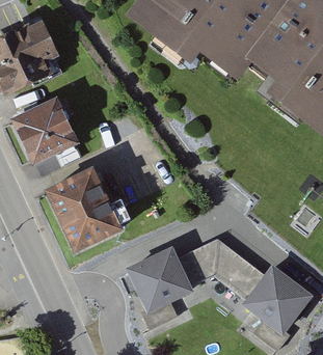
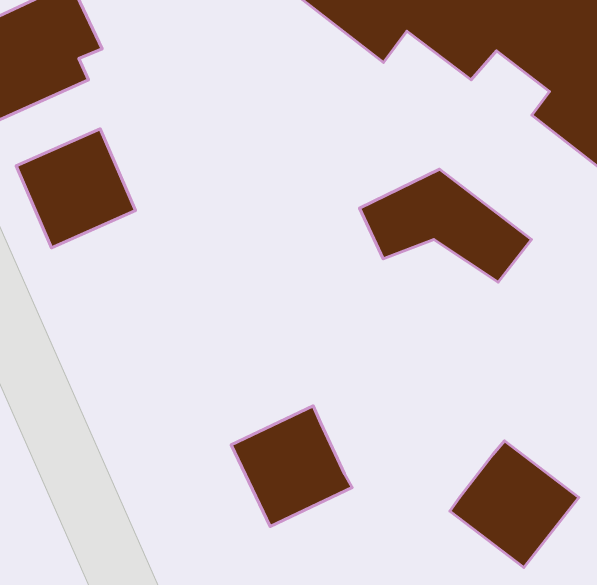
building: [44,170,119,253] -> none
building: [172,237,264,297] -> [360,169,531,282]

